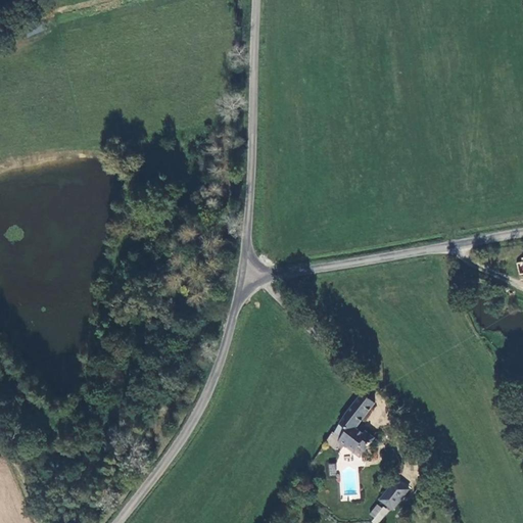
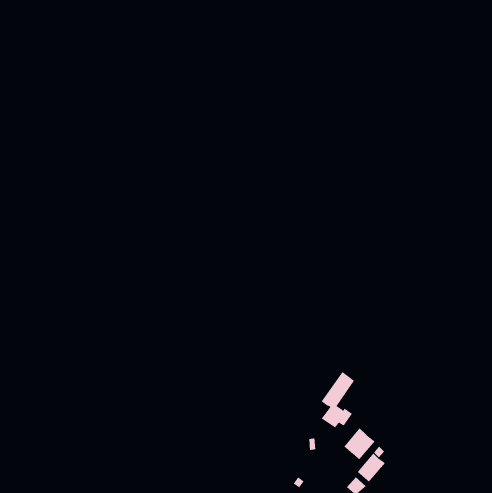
building: none -> [343,428,376,460]

